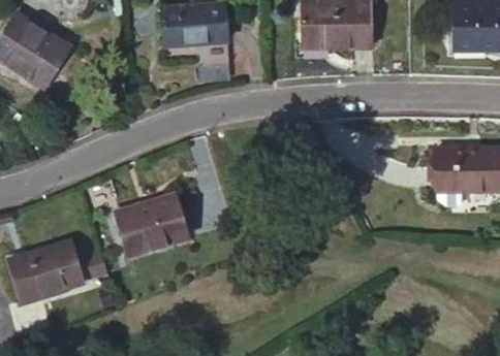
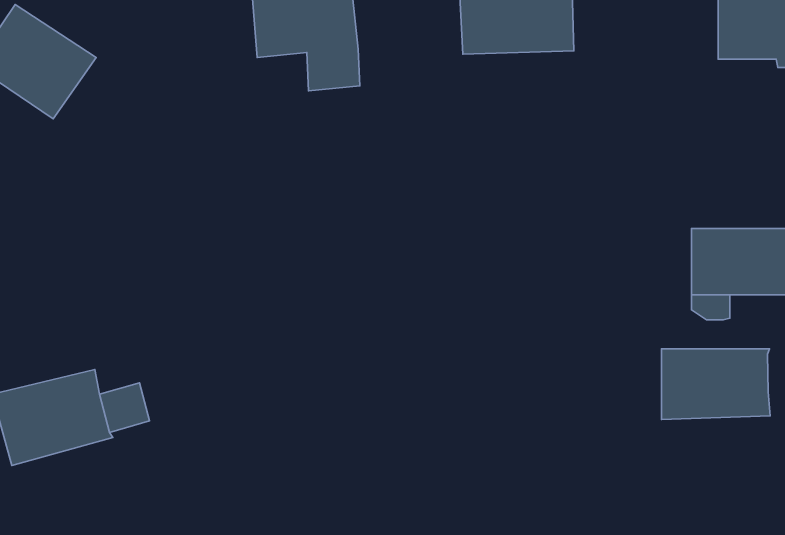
building: [114,198,184,255] -> none
building: none -> [662,349,770,419]

